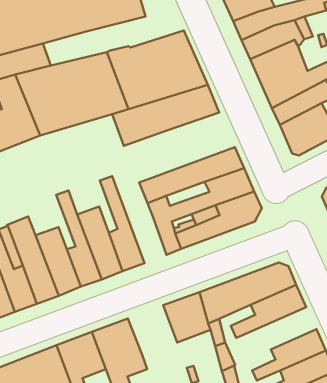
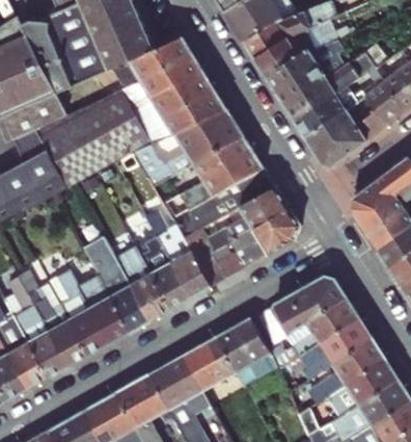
building: none -> [97,38,194,89]
building: none -> [182,135,263,209]
building: none -> [144,210,211,297]
building: none -> [182,337,235,390]
building: none -> [296,317,372,380]

